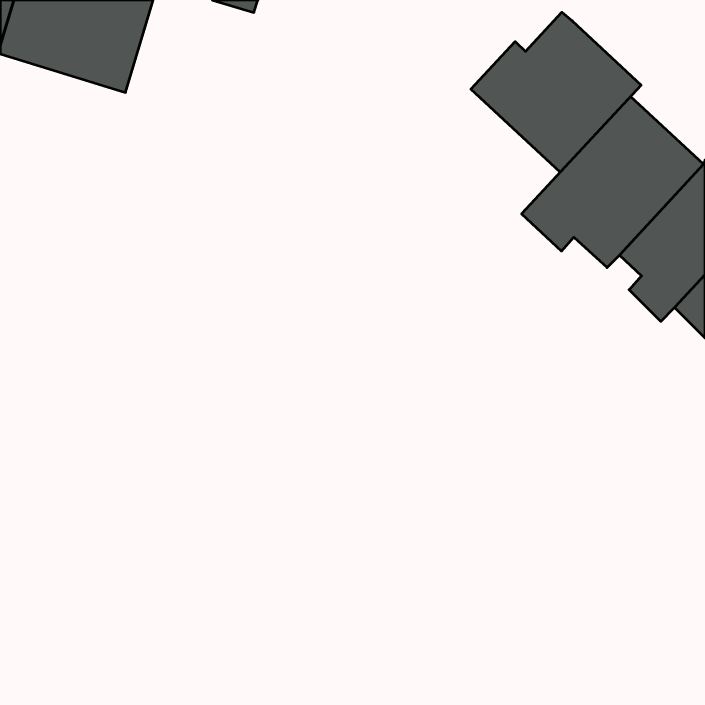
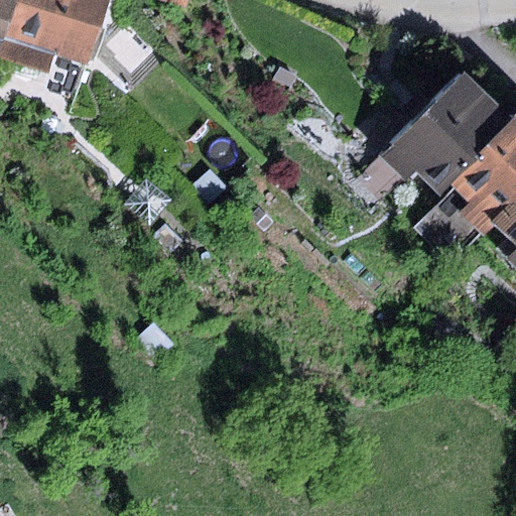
building: [471,12,641,172] -> none

